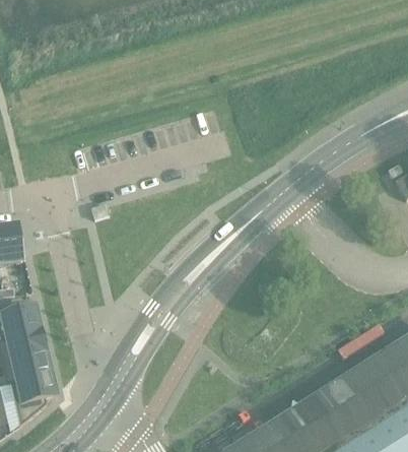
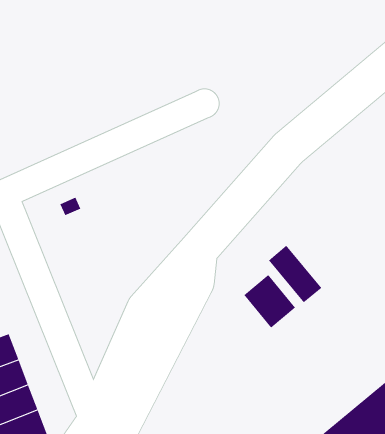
building: none -> [268,245,322,303]
building: none -> [243,274,296,329]

